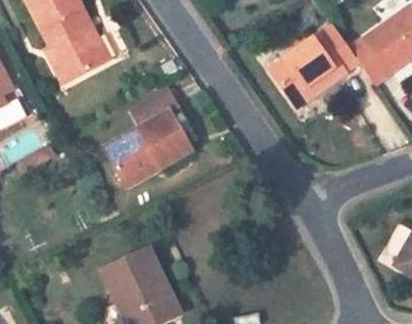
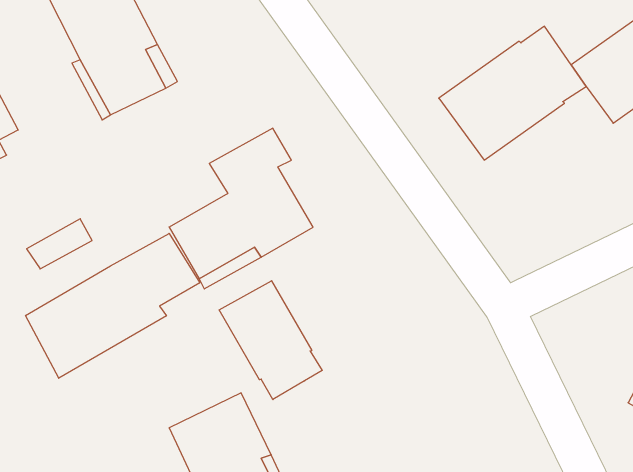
building: none -> [26,233,200,378]
building: none -> [219,281,322,400]

